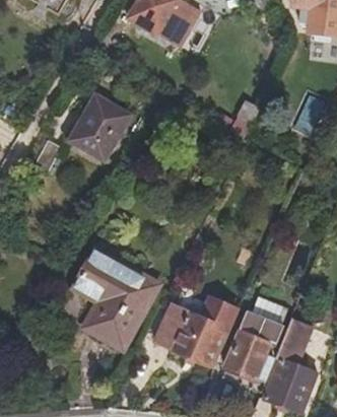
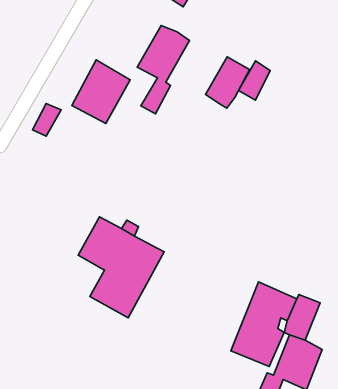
building: none -> [137,26,190,114]
building: none -> [205,57,249,108]
building: [155,291,235,368] -> none

